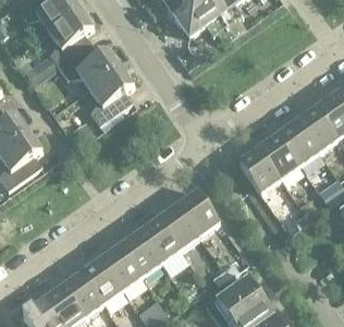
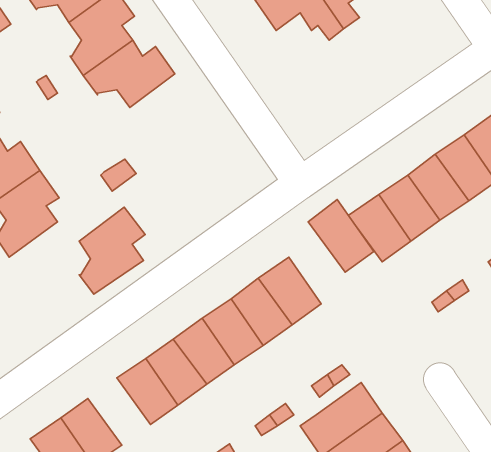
building: [89,65,134,124] -> [79,207,145,294]
building: none -> [308,199,374,272]
building: [61,271,103,317] -> none

